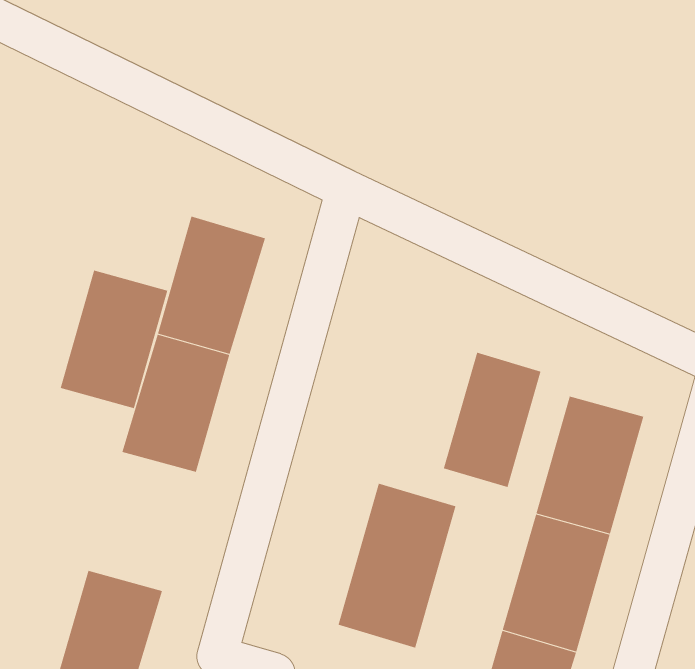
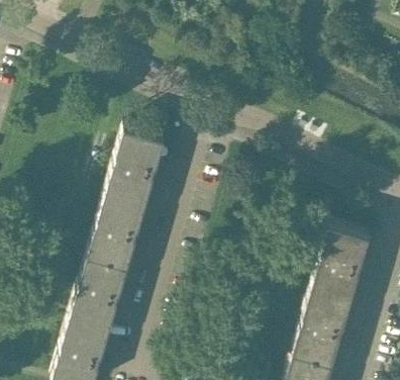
building: [60,270,168,409] -> [70,250,128,324]
building: [443,352,541,488] -> none
building: [338,483,456,648] -> none

